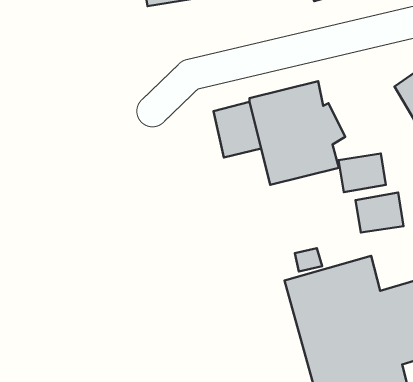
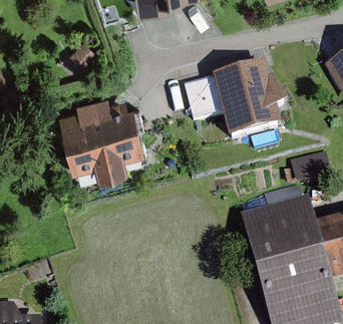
building: none -> [60,100,146,181]
building: [338,154,386,192] -> none

